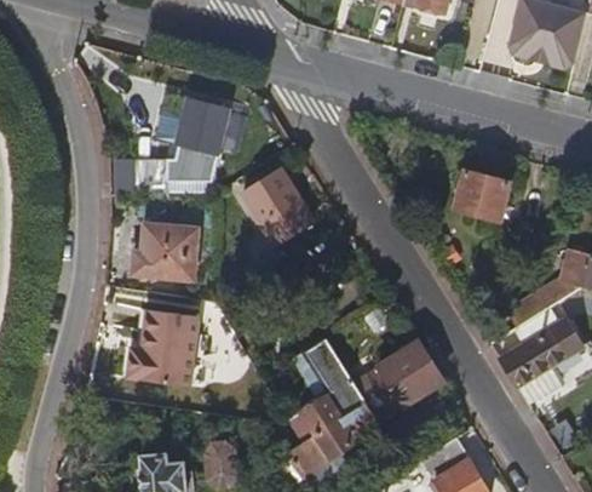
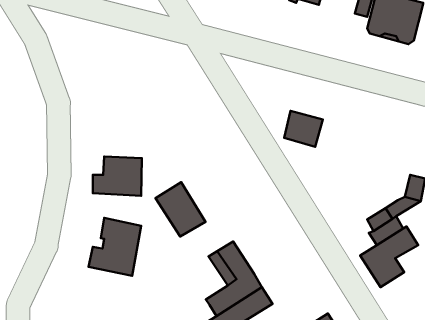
building: [138,98,229,195] -> none
building: [245,168,314,244] -> [156,182,206,237]
building: [458,168,511,218] -> [284,111,323,147]
building: [355,342,443,423] -> none

